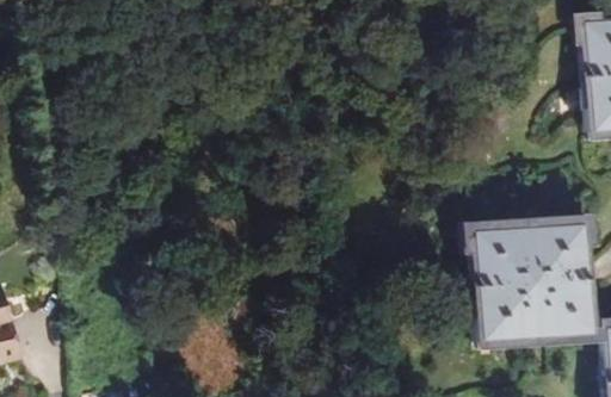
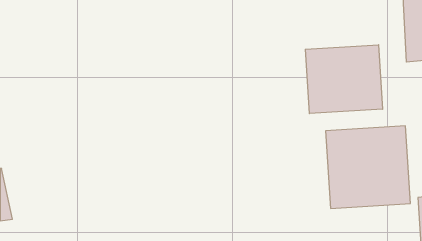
building: none -> [305,45,383,114]

